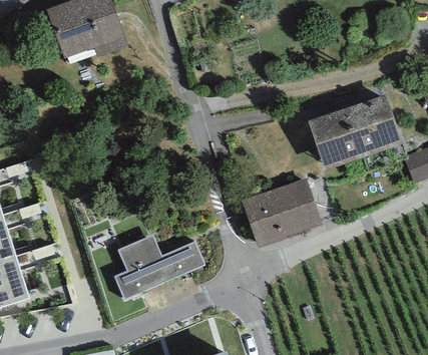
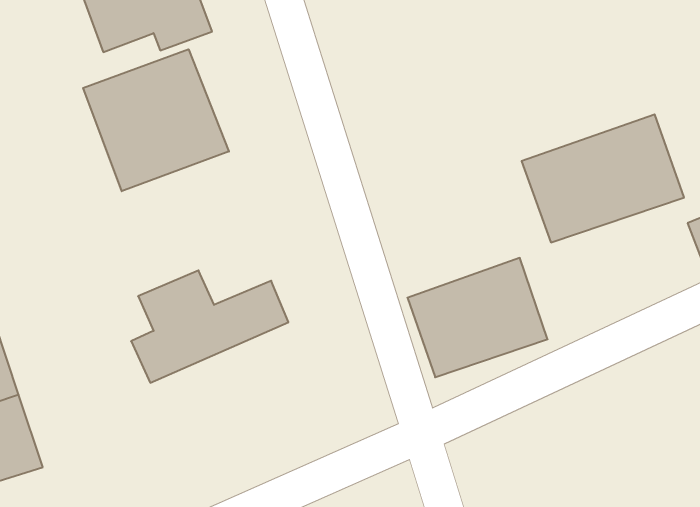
building: none -> [83,49,229,191]
building: [113,235,204,300] -> [131,270,288,383]

